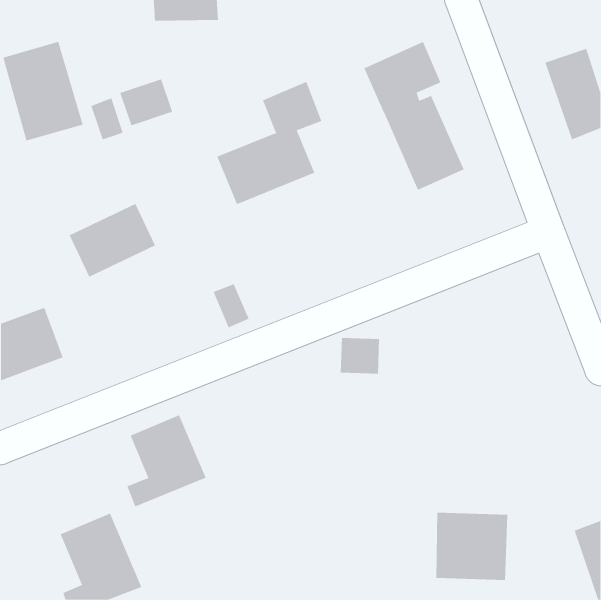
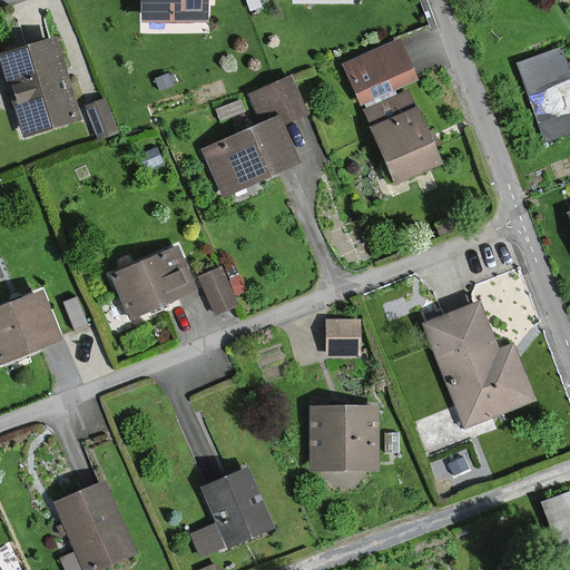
building: [120,78,173,126] -> none
building: [69,203,156,277] -> [111,246,194,316]
building: none -> [426,304,535,424]
building: [126,414,206,507] -> [197,469,273,557]
building: [435,512,508,580] -> [308,409,377,473]

